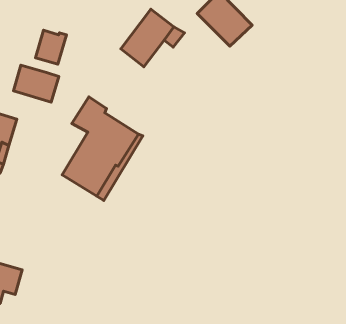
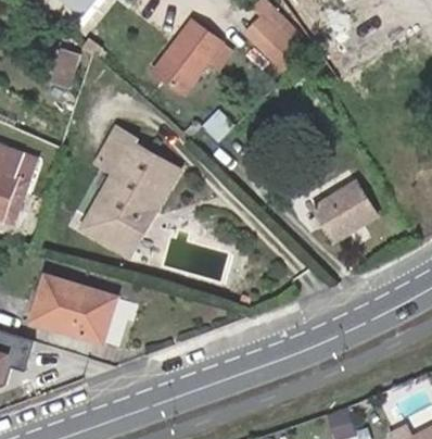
building: [14,65,59,102] -> none
building: none -> [312,180,371,237]
building: none -> [33,276,116,342]

